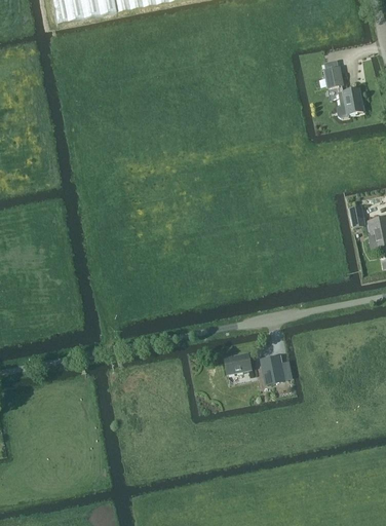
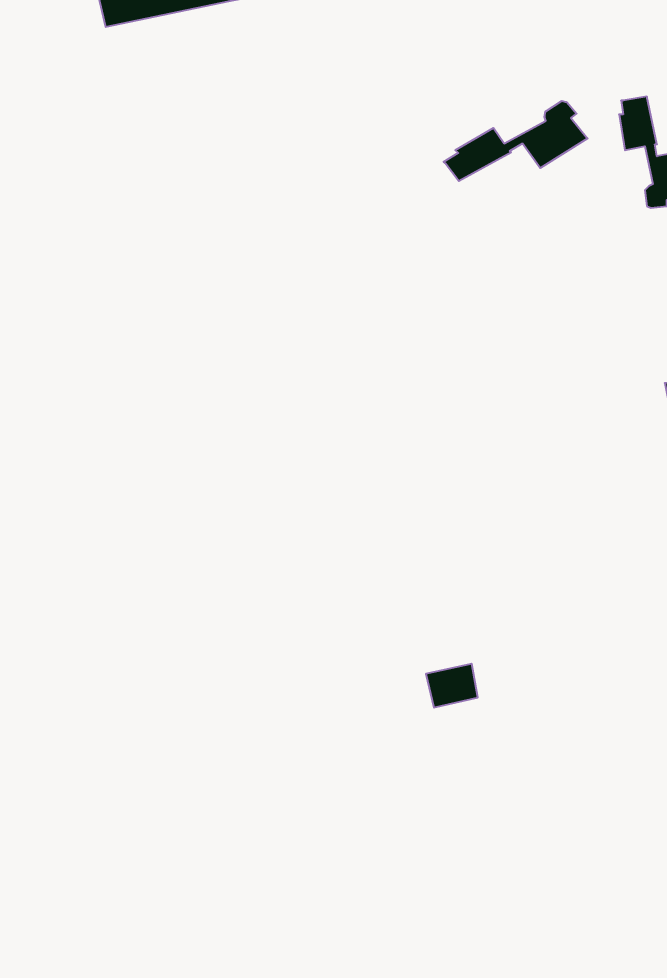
building: none -> [444,101,588,181]
building: [262,354,293,382] -> none

